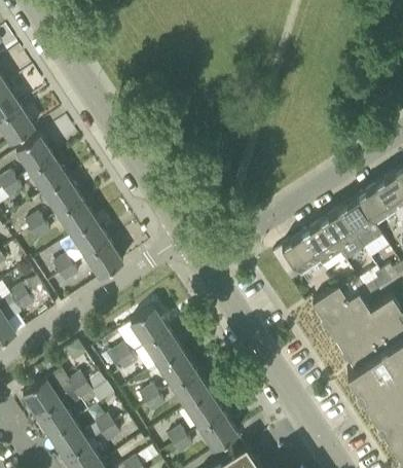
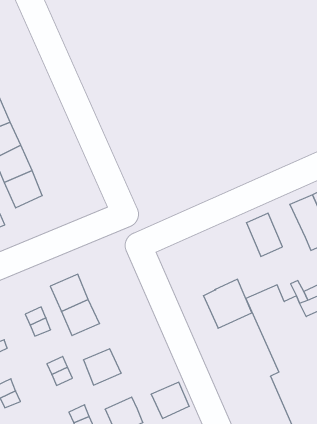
building: [319,210,357,250] -> none
building: [271,233,319,282] -> [203,279,252,328]
building: [85,241,122,277] -> none
building: [157,350,194,386] -> none
building: [185,392,222,428] -> [151,382,189,418]

